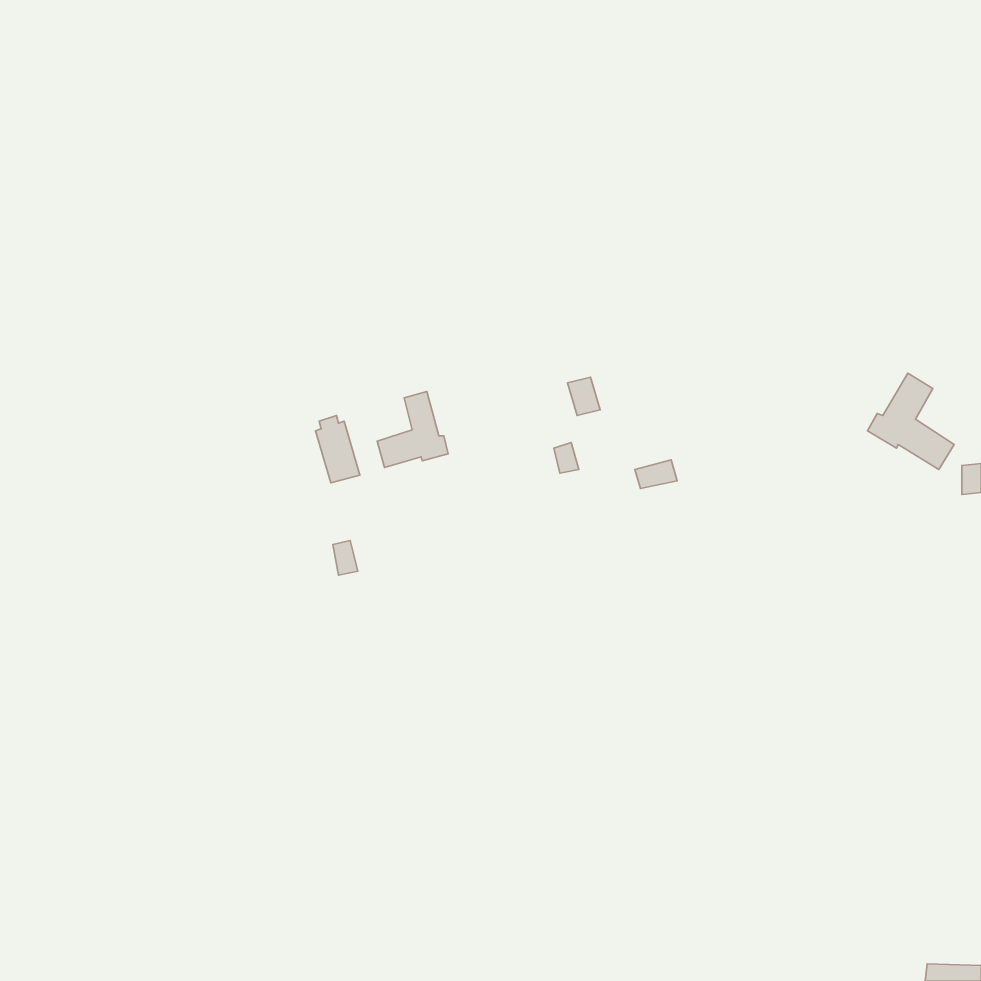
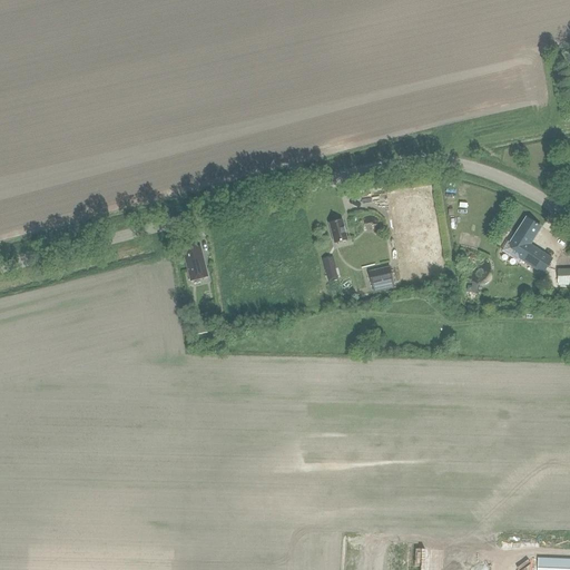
building: [377,391,448,467] -> none

